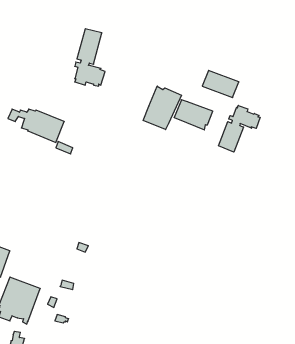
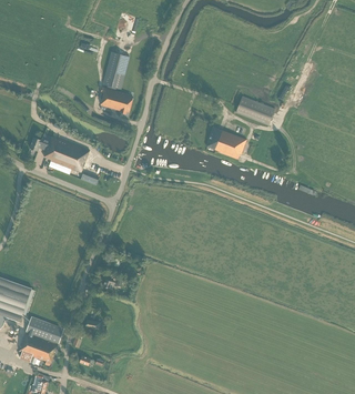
building: [143,86,182,130] -> none
building: [219,105,260,152] -> none

